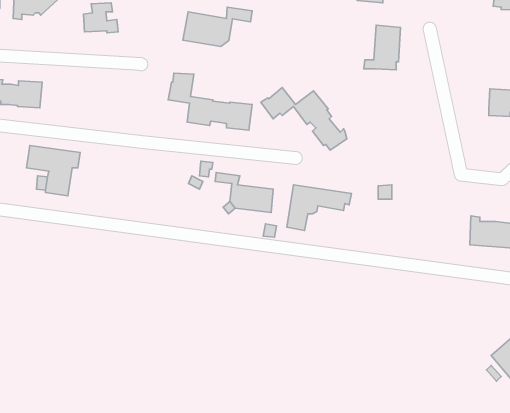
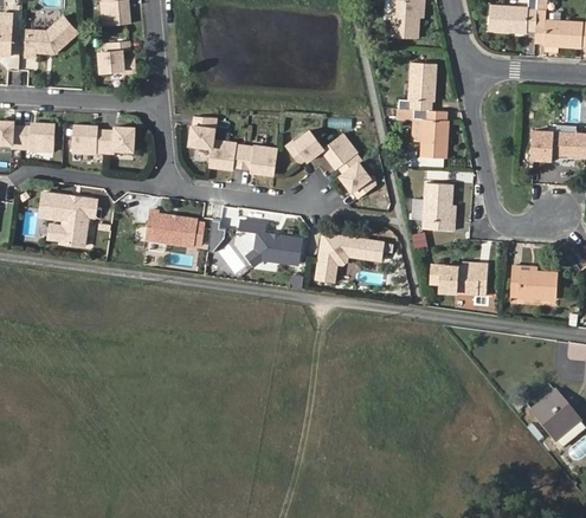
building: [183,7,252,47] -> none
building: none -> [407,110,447,160]
building: none -> [73,125,137,154]
building: none -> [421,184,453,232]
building: none -> [146,209,204,246]
building: none -> [430,264,487,296]

